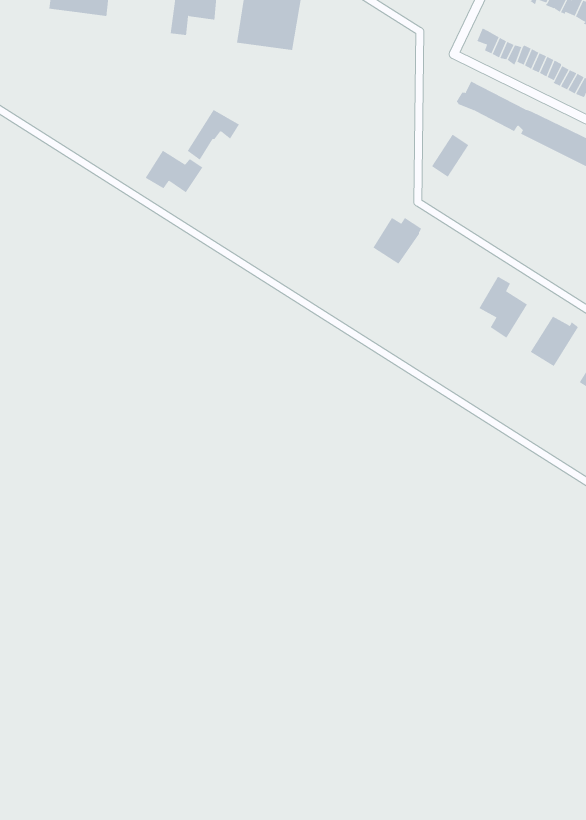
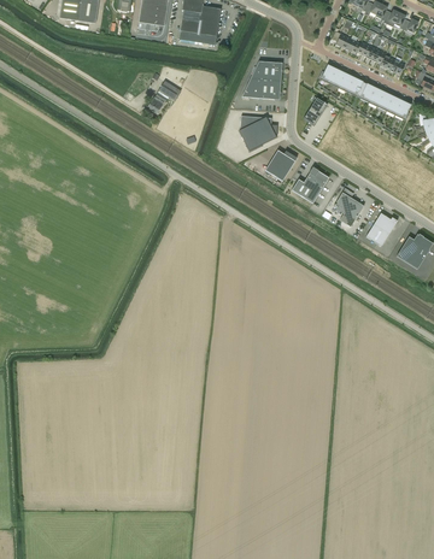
building: none -> [241,61,282,100]
building: [145,150,203,193] -> none
building: none -> [237,116,277,152]
building: none -> [292,166,329,202]

